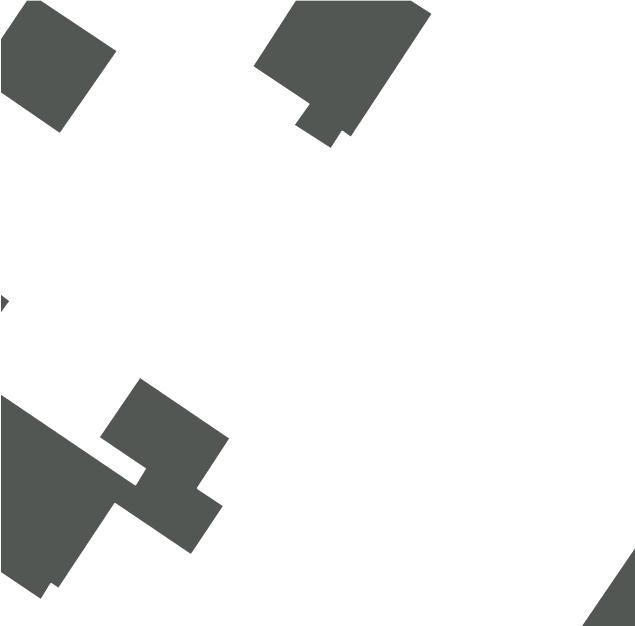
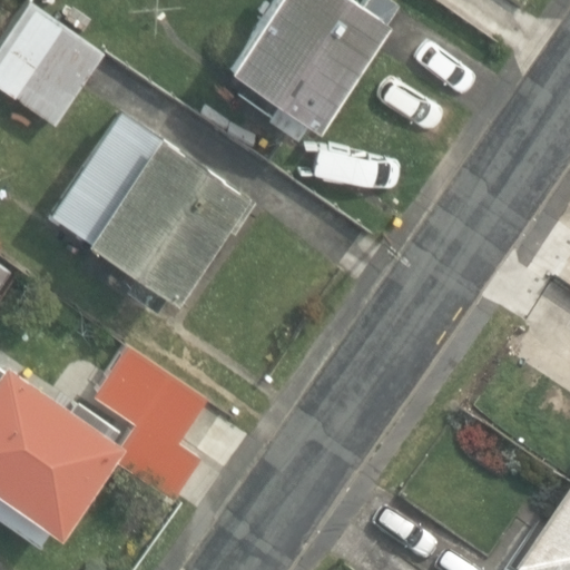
building: none -> [49,111,247,315]

